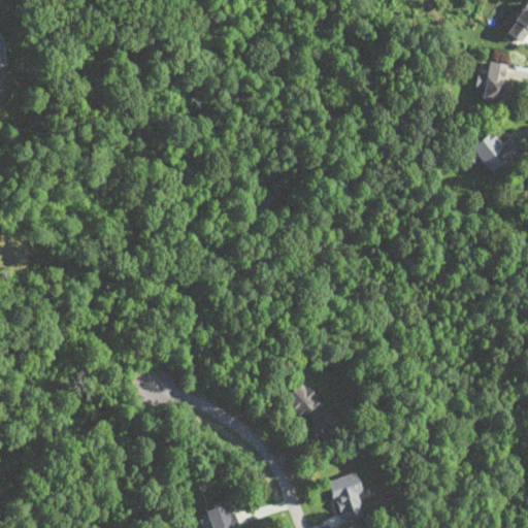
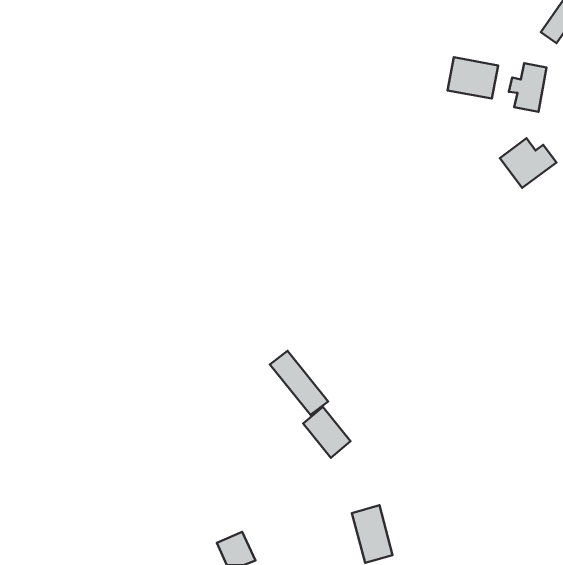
building: none -> [447,57,498,99]
building: none -> [270,351,328,415]

